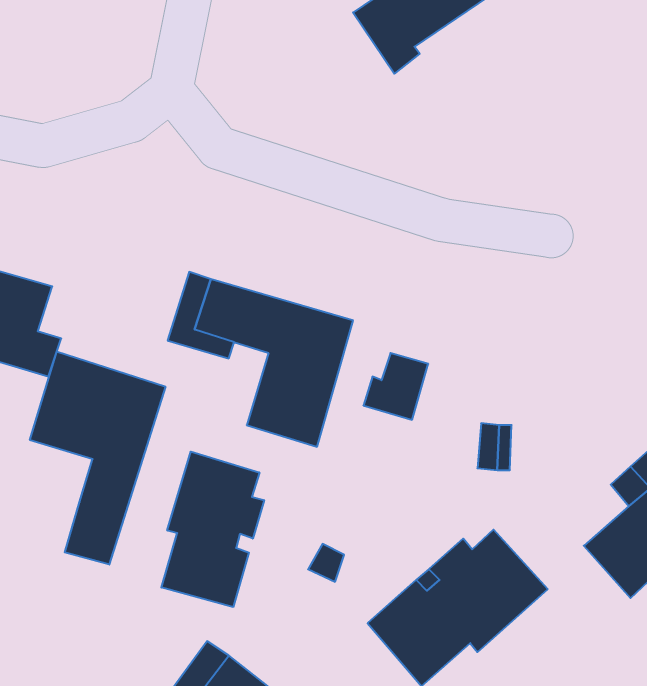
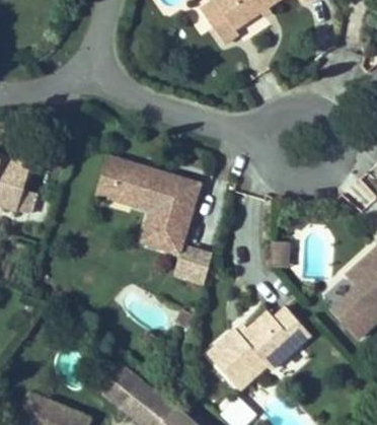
building: [30,352,165,565] -> none
building: [363,353,428,420] -> [175,247,212,285]
building: [161,452,264,607] -> none

